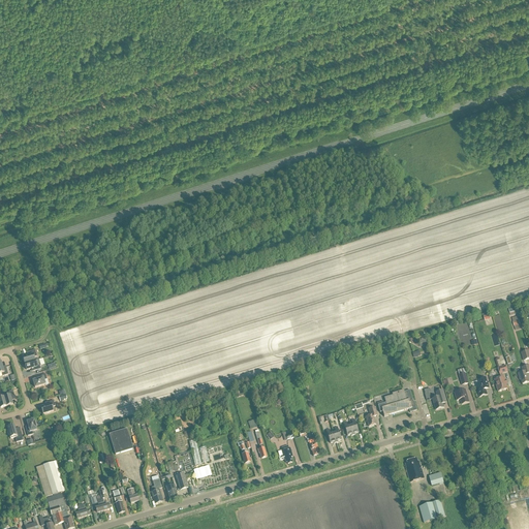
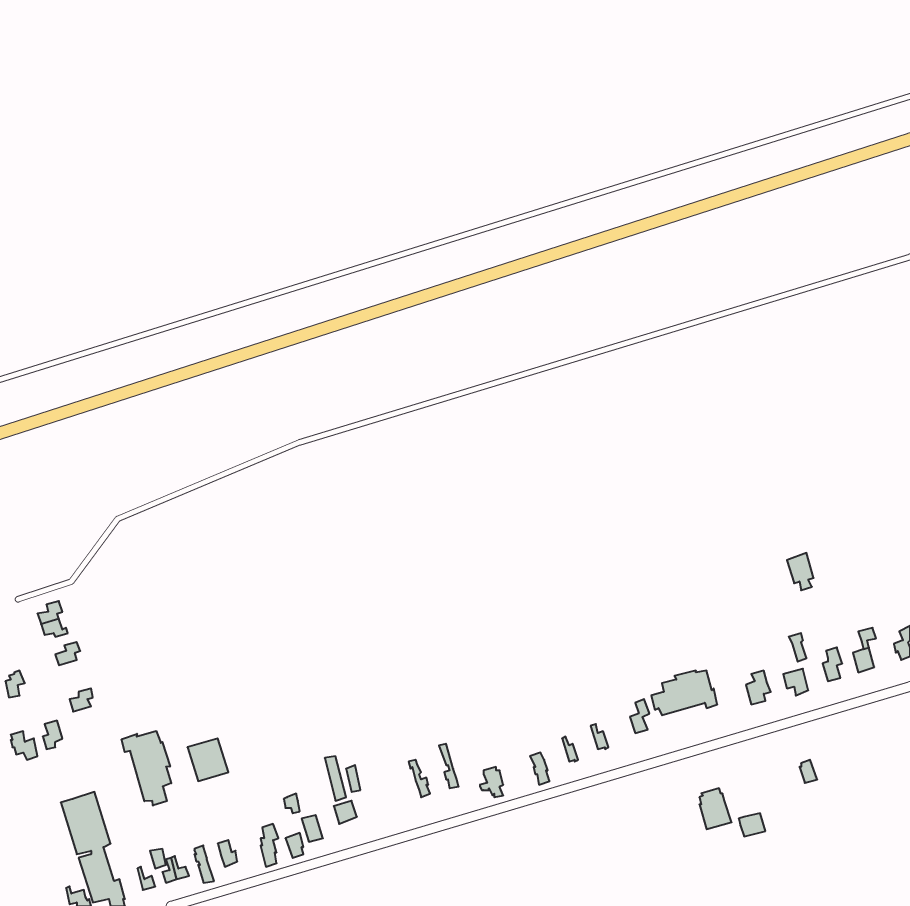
building: none -> [122,731,171,806]
building: [418,498,444,521] -> none

